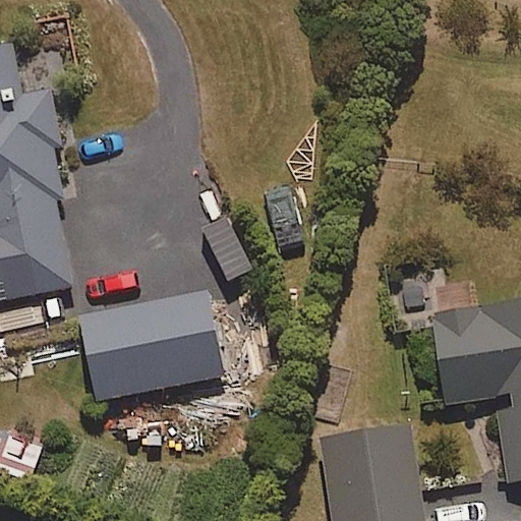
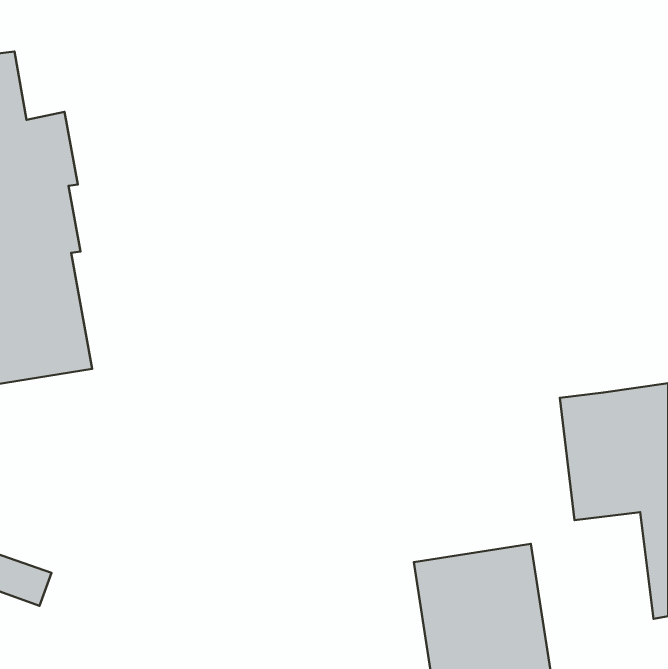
building: [81,293,225,400] -> none

